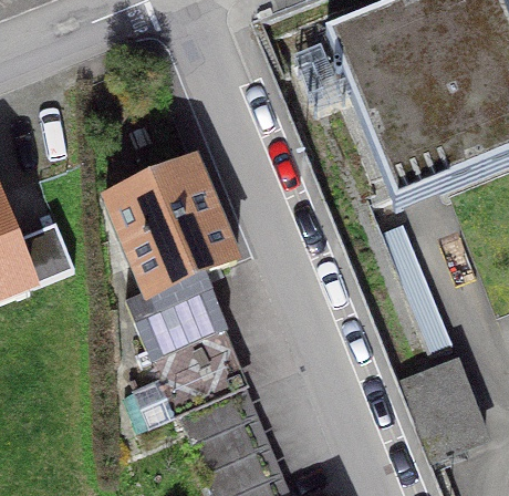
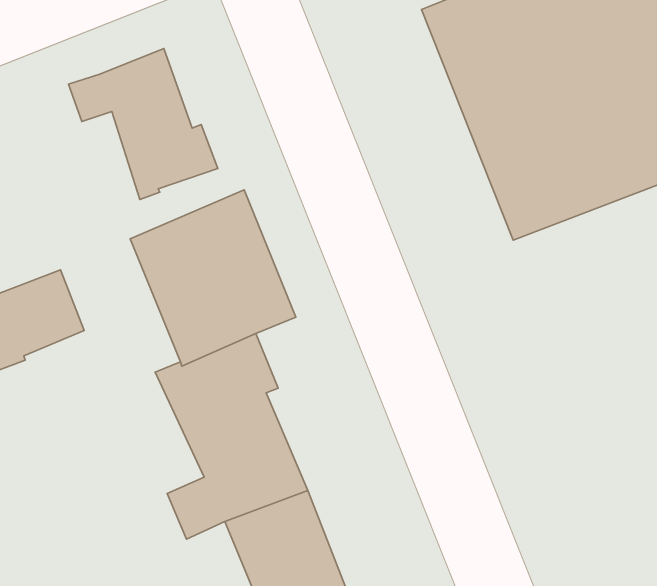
building: none -> [68,48,218,200]
building: [399,352,484,448] -> none

